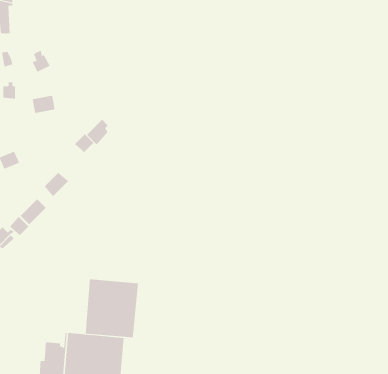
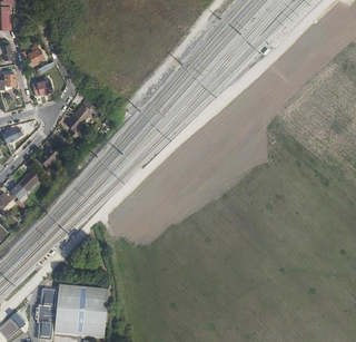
building: [85,279,139,338] -> none

